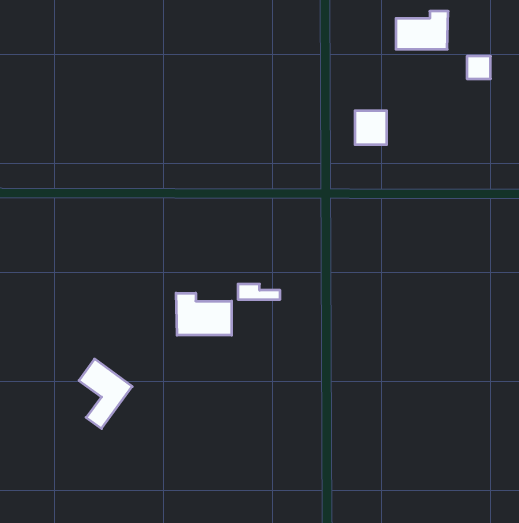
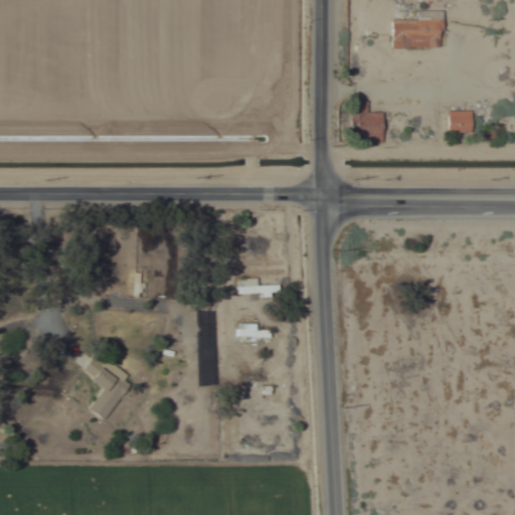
building: [467,56,491,79] -> [450,110,473,132]
building: [176,293,232,335] -> none

